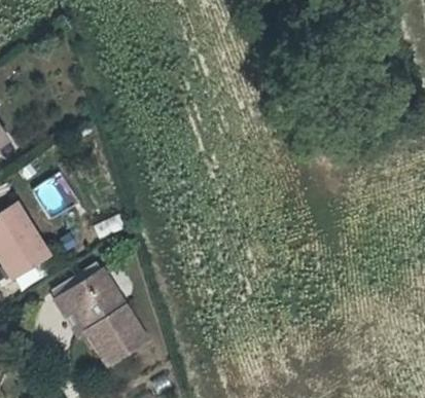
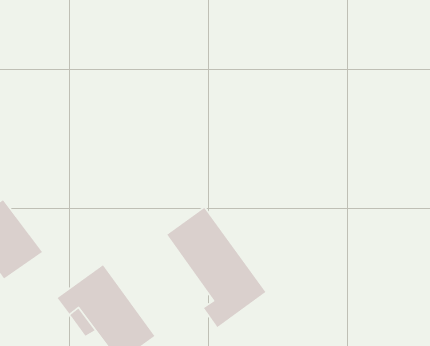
building: none -> [166,207,267,328]

